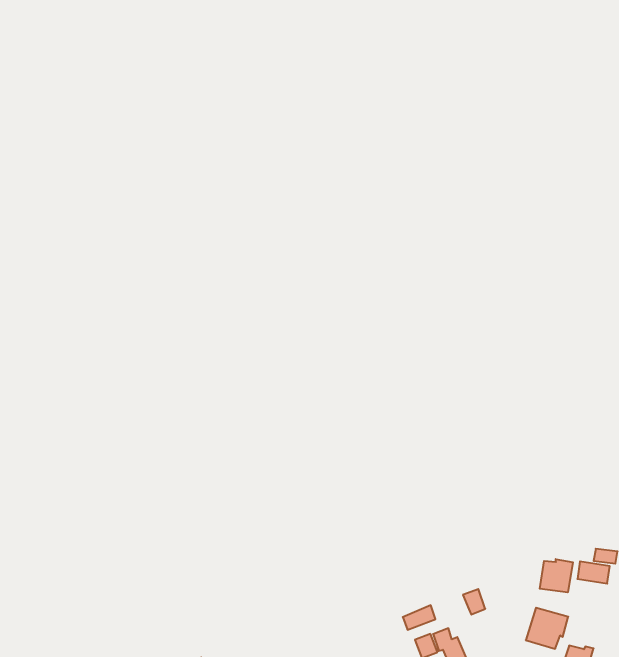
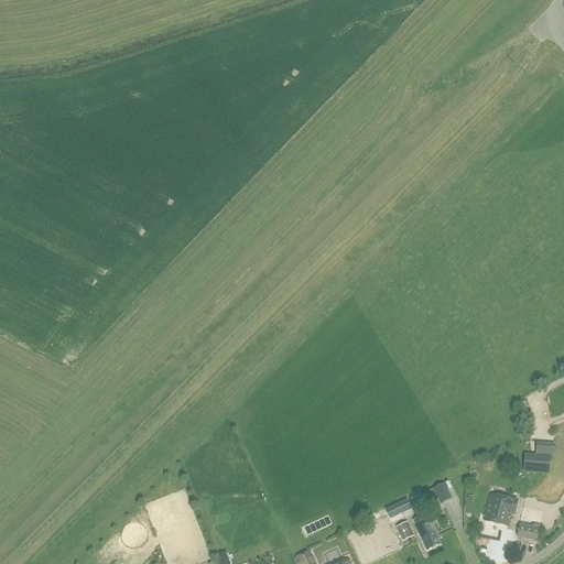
building: [540,559,573,592] -> none

